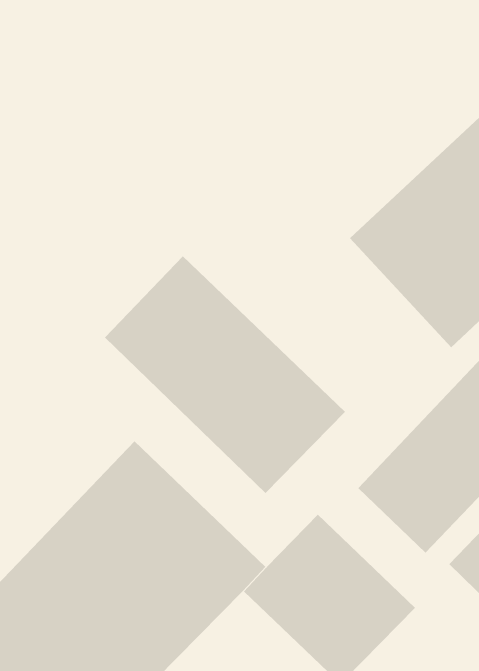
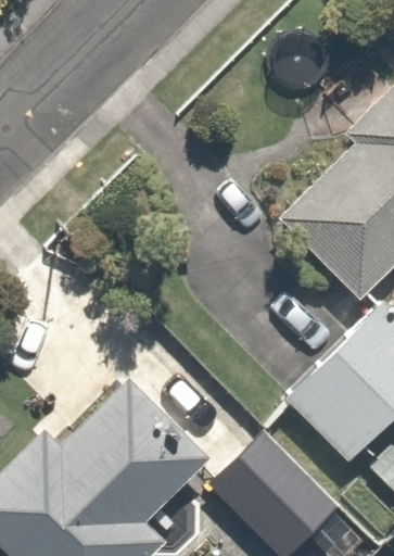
building: [104,256,346,494] -> none

